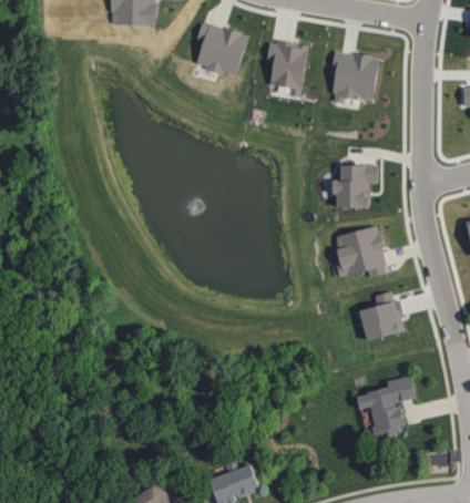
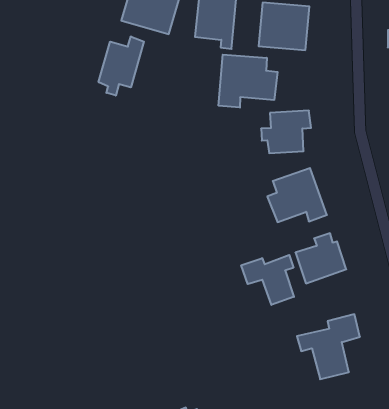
building: none -> [99,36,144,96]
building: none -> [219,55,278,108]
building: none -> [241,255,294,305]

